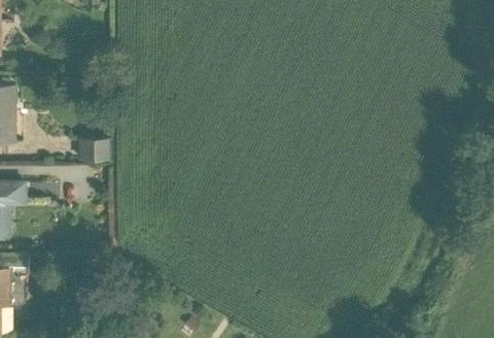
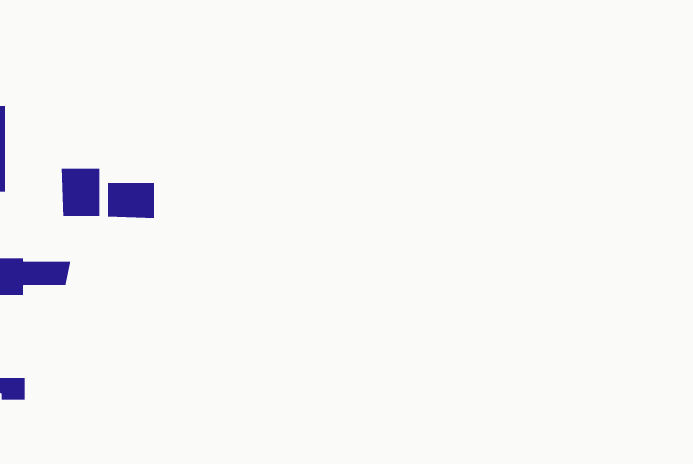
building: none -> [61,168,100,217]

